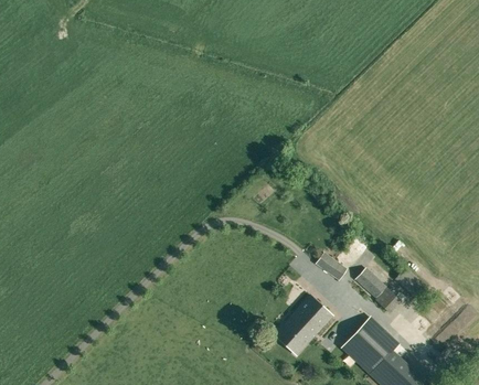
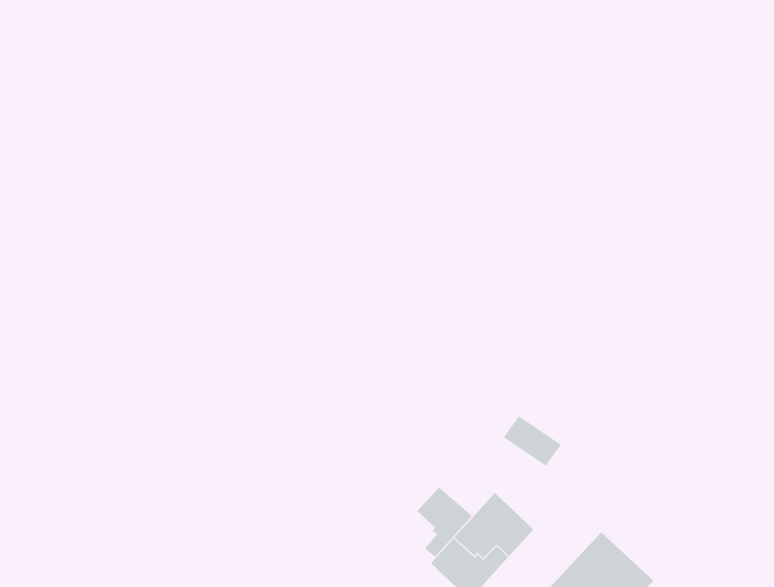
building: [355,268,386,299] -> none
building: none -> [417,486,473,562]

